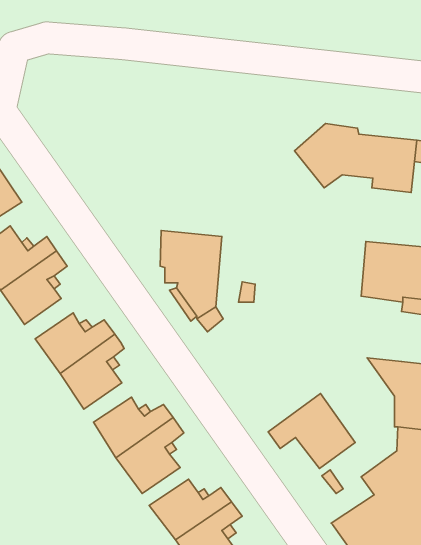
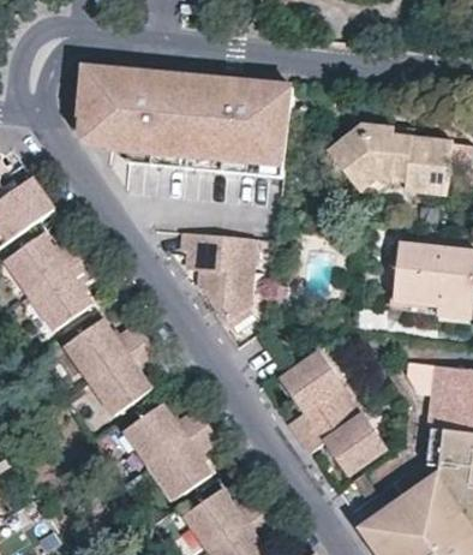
building: none -> [79,72,289,180]
building: none -> [282,354,352,437]

